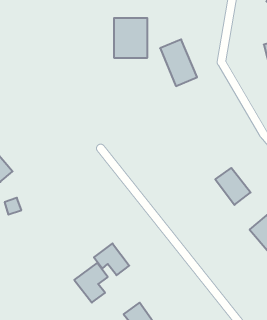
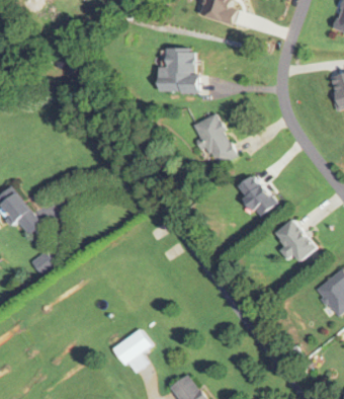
building: [160,39,197,86] -> [192,112,235,166]
building: none -> [237,174,276,216]
building: [94,243,129,275] -> none

